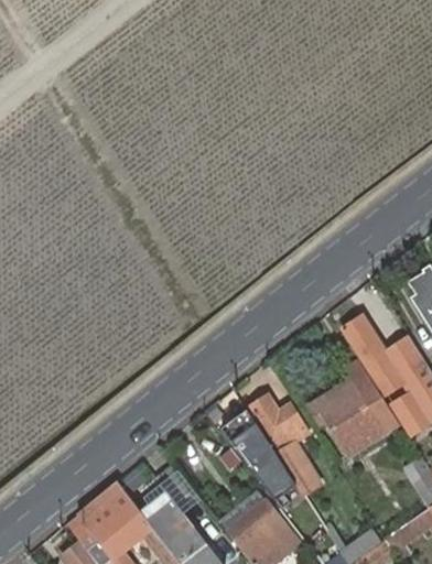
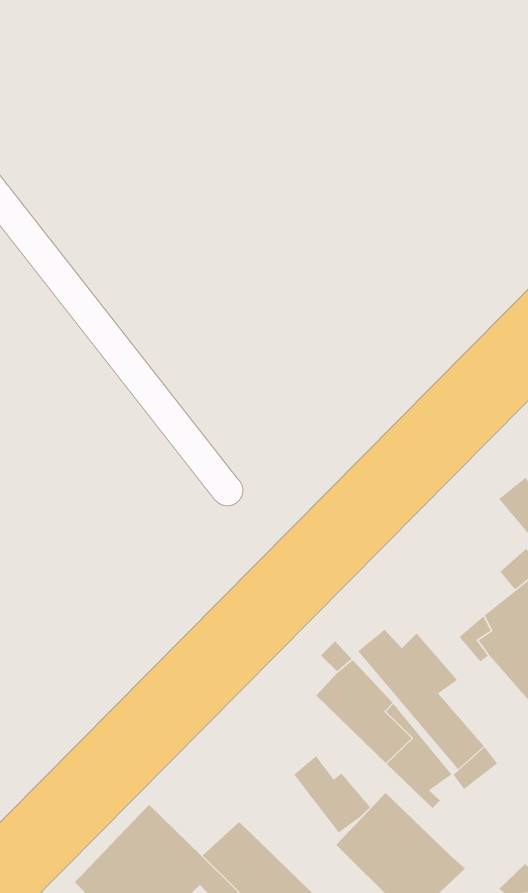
building: none -> [293,755,371,834]

